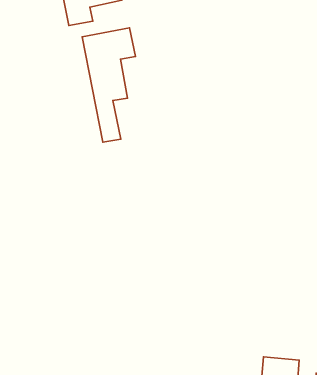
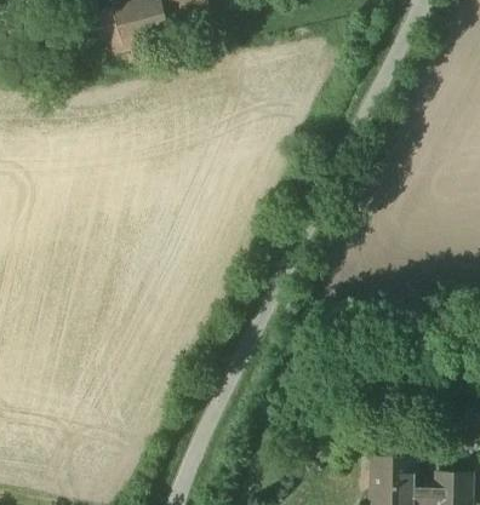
building: [82,28,135,142] -> none

